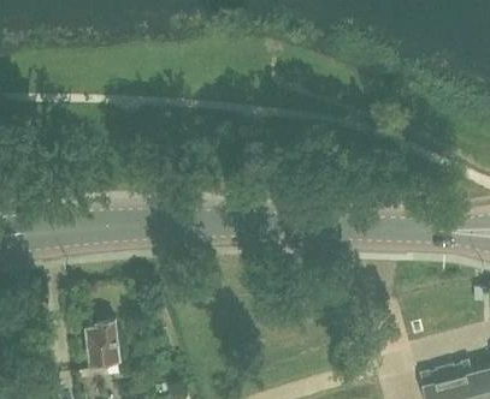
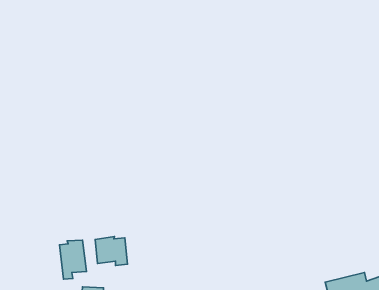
building: none -> [95,237,128,266]

